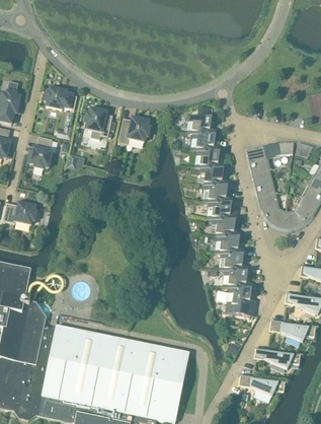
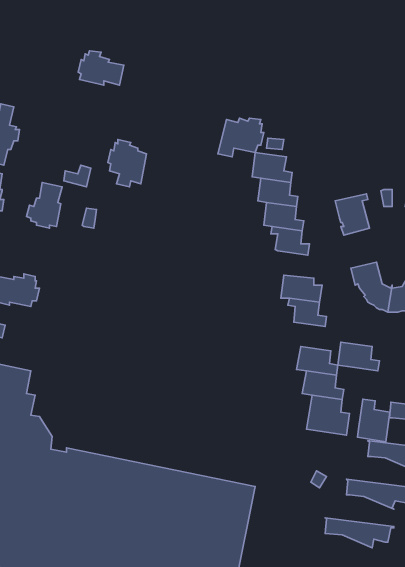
building: [45,85,77,110] -> [78,51,124,85]
building: [117,117,150,144] -> [218,118,264,157]
building: [252,168,275,197] -> none
building: [204,185,232,204] -> none
building: [215,235,244,256] -> [338,342,379,371]
building: none -> [358,399,390,442]

